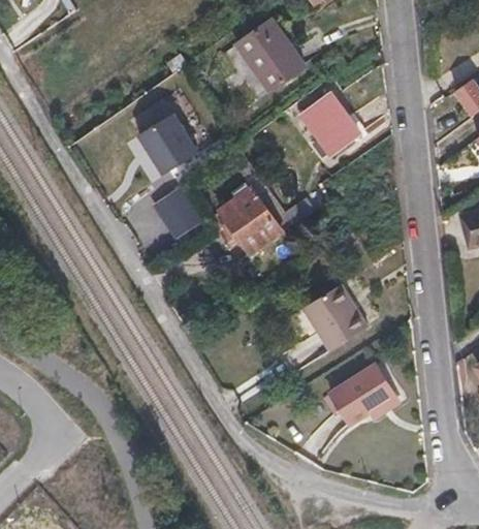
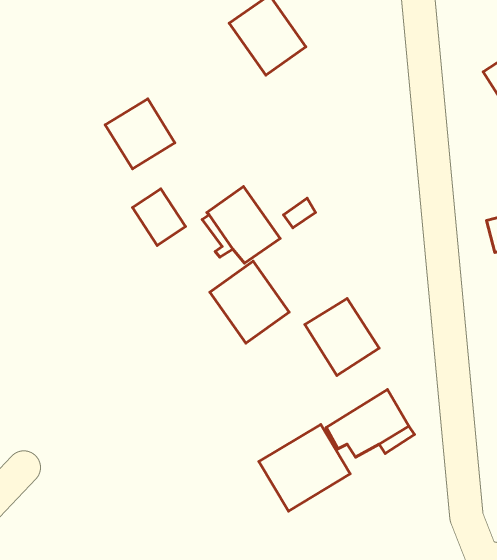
building: [300,95,358,156] -> none
building: none -> [210,261,289,343]
building: none -> [259,424,350,511]

